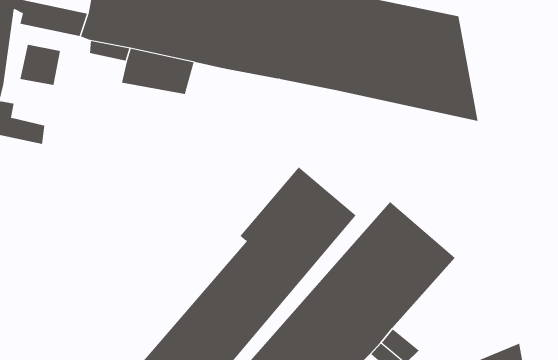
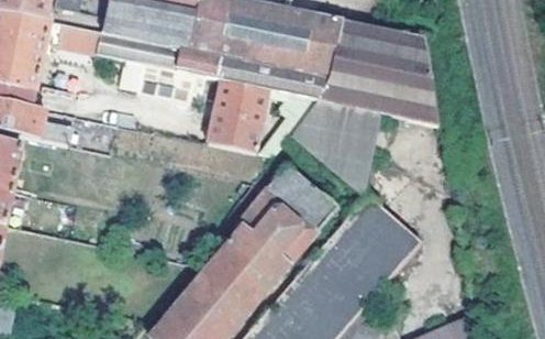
building: none -> [208,79,269,154]

